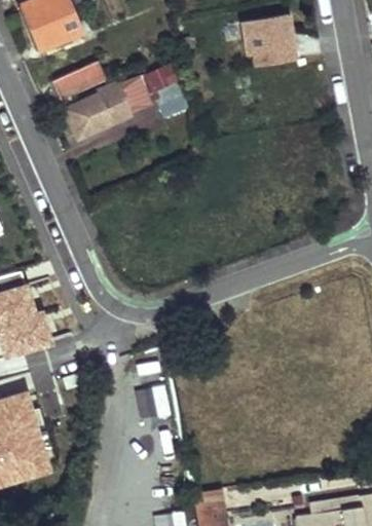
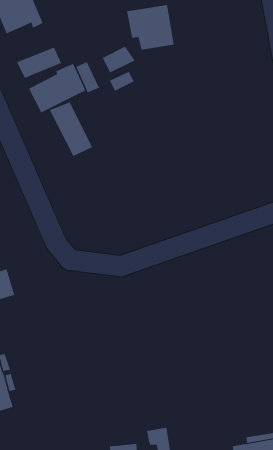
building: [240,15,295,67] -> [126,5,174,50]
building: none -> [49,101,93,157]

